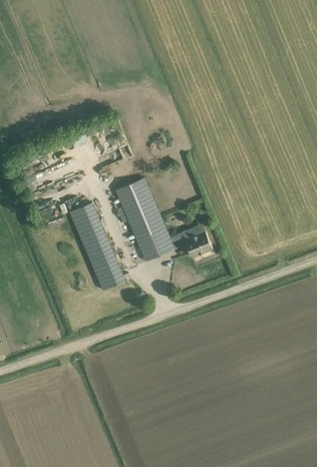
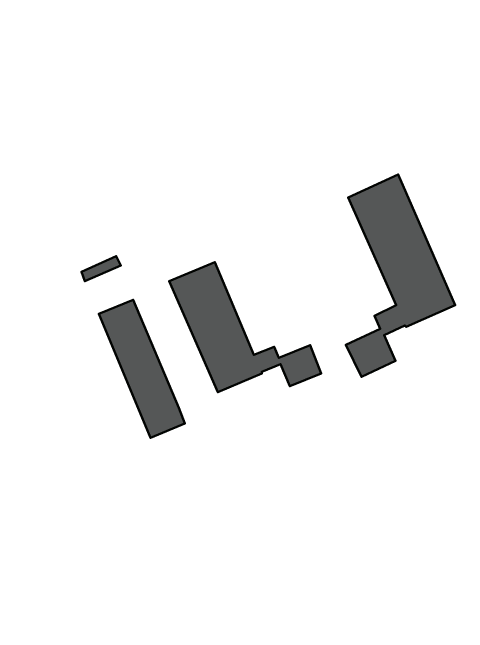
building: none -> [346,174,455,377]

